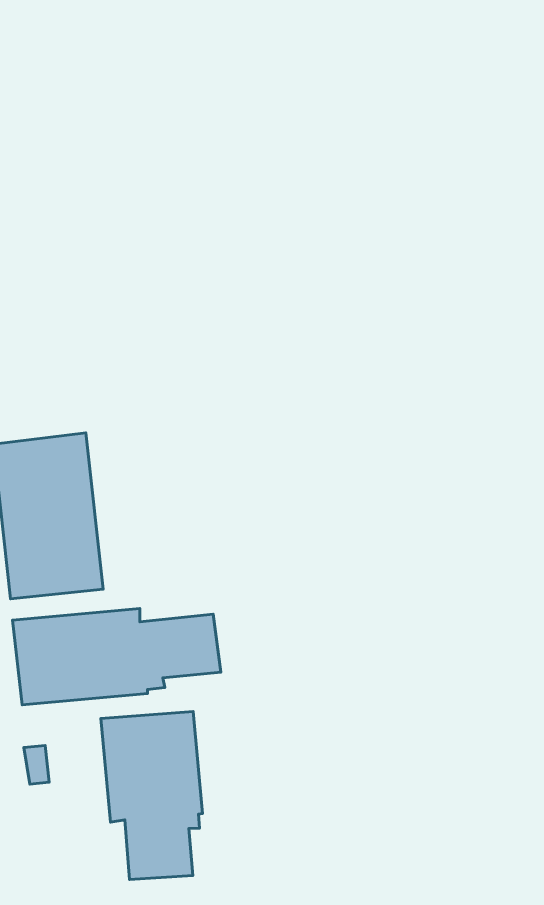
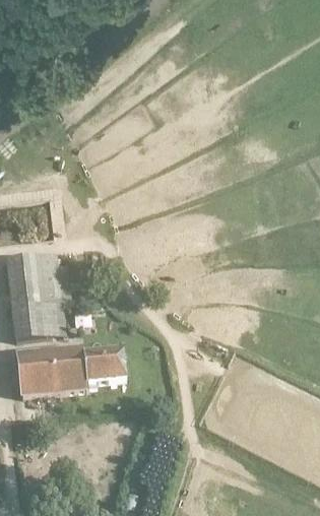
building: [101,712,203,879] -> none

